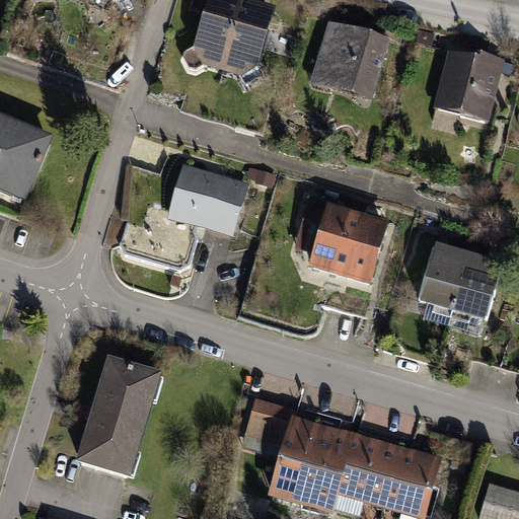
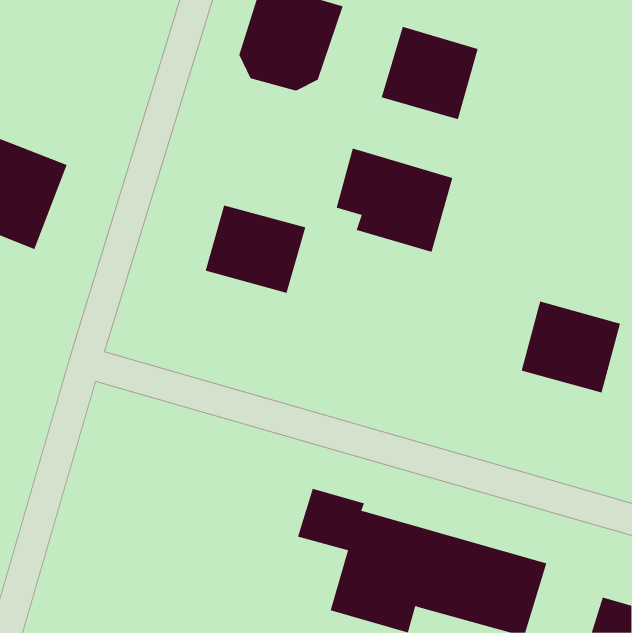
building: [433,51,503,121] -> none
building: [295,200,390,285] -> [336,148,453,253]
building: [66,356,158,486] -> none

